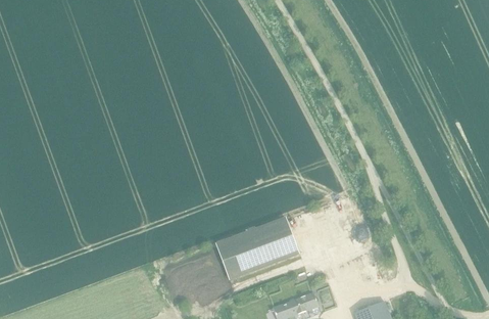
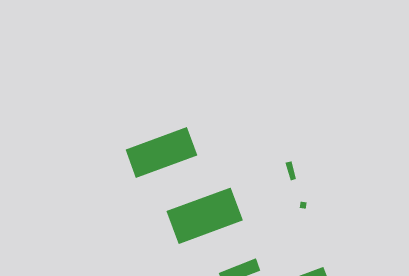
building: none -> [125,126,198,179]

